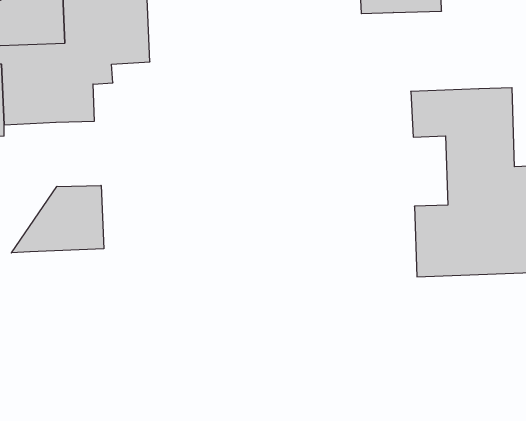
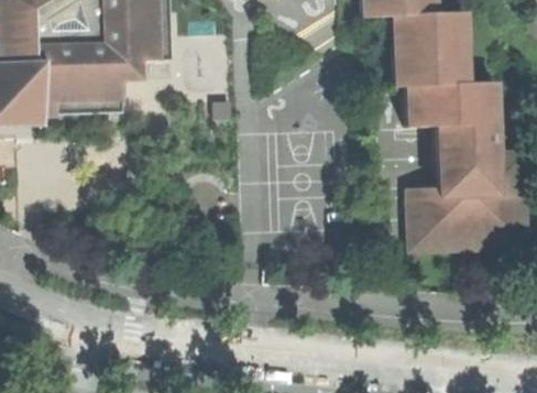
building: none -> [388,11,464,84]
building: [11,185,104,253] -> none

